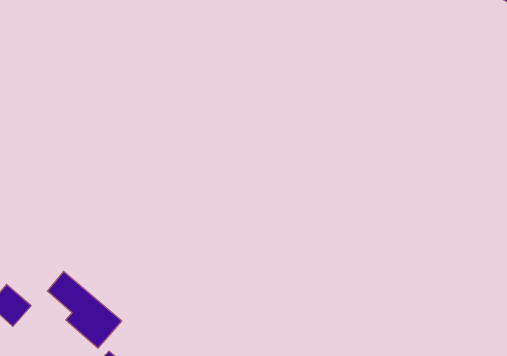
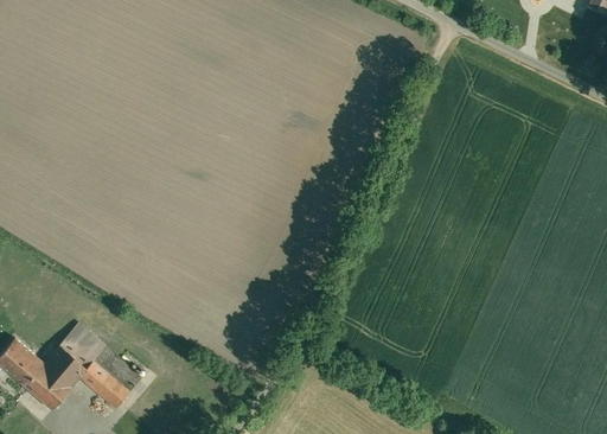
building: none -> [23,344,88,408]

